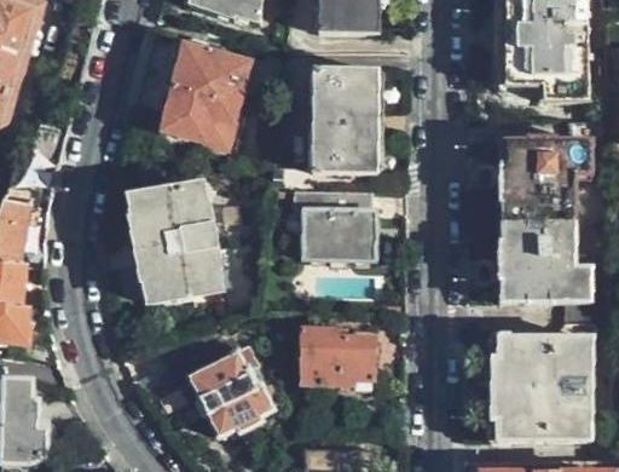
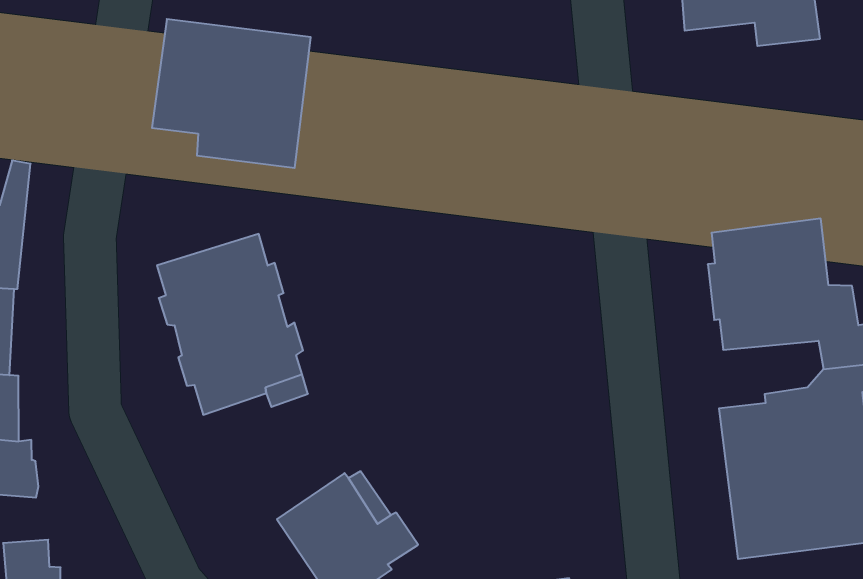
building: [310,67,377,172] -> none
building: [496,117,606,221] -> none
building: [293,188,374,259] -> none
building: [300,329,375,386] -> none

